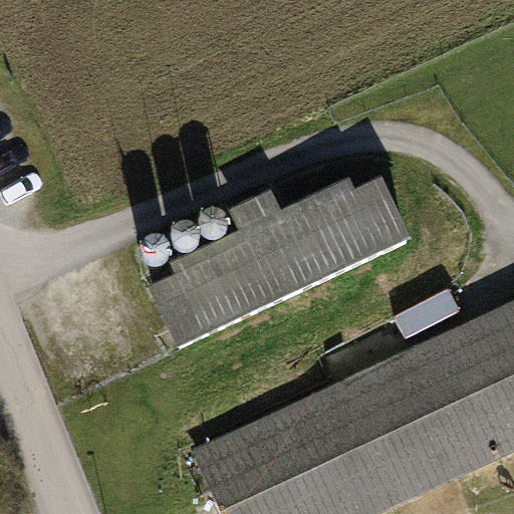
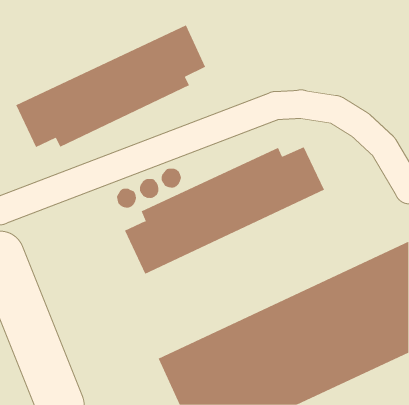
building: none -> [16,25,206,148]

